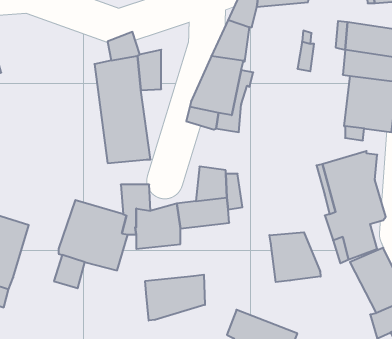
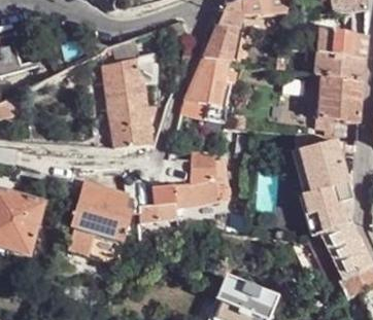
building: [269,232,321,282] -> none
building: [145,275,205,321] -> none

